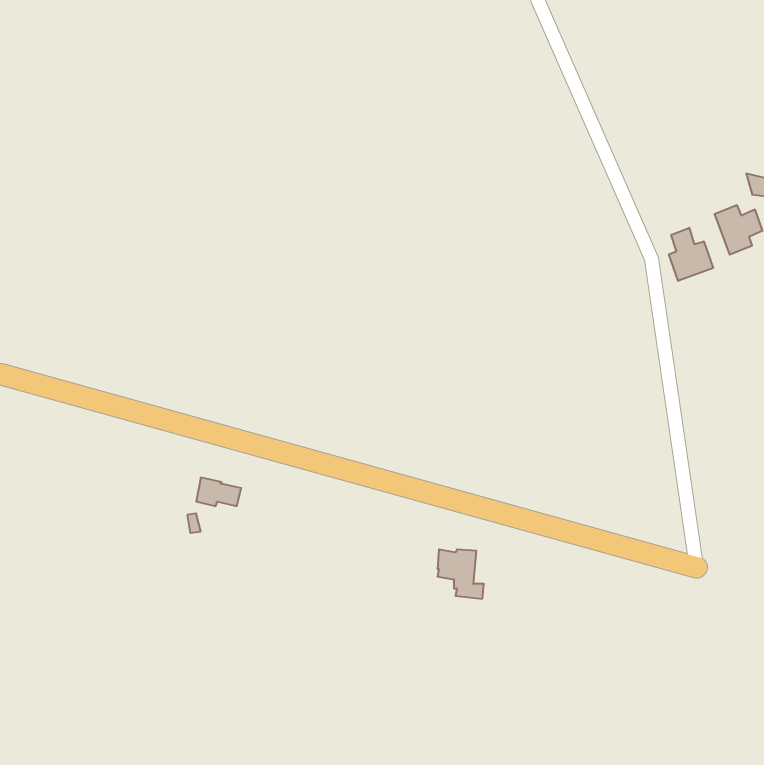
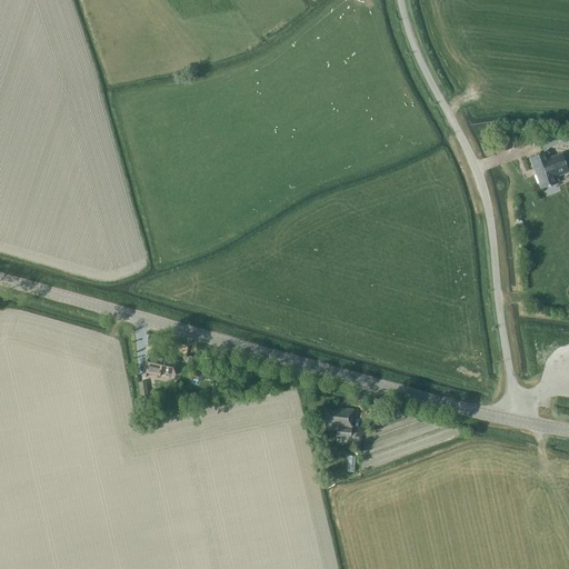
building: [669,228,713,281] -> none

